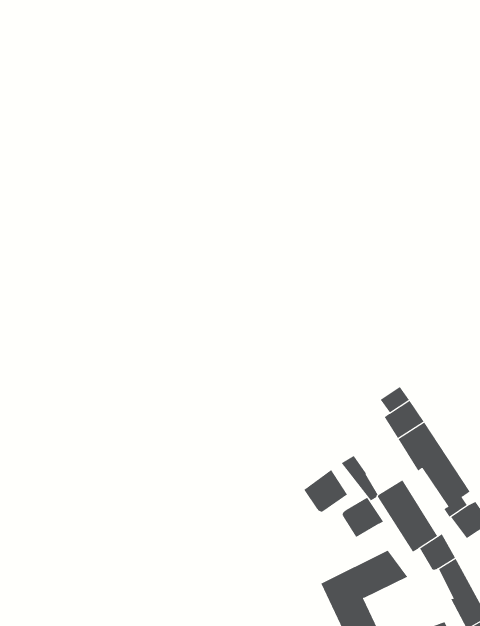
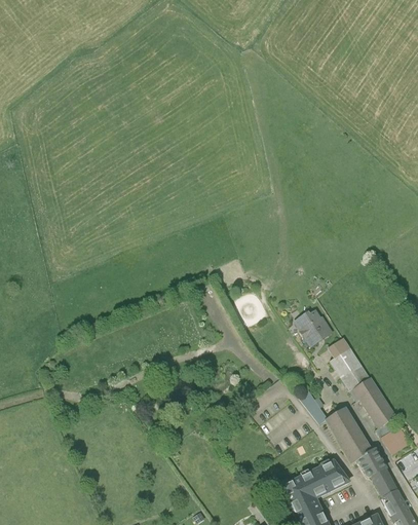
building: none -> [298,311,330,342]
building: [304,469,348,512] -> none
building: [342,497,384,538] -> none

